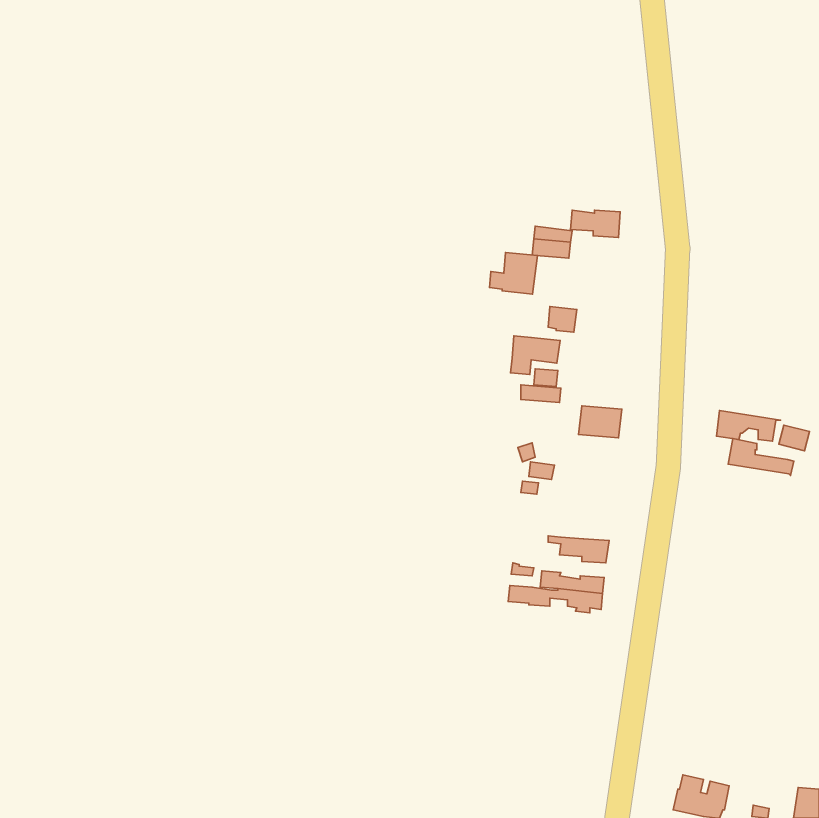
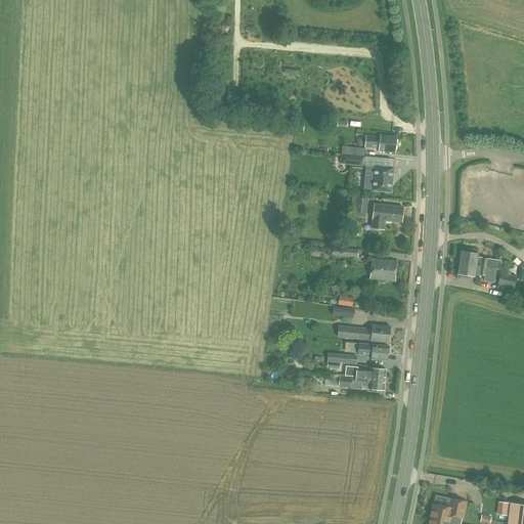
building: [489,252,537,294] -> [363,165,394,191]
building: [510,336,560,374] -> [372,204,403,228]
building: [728,439,794,476] -> [460,246,501,269]
building: none -> [338,324,391,342]

